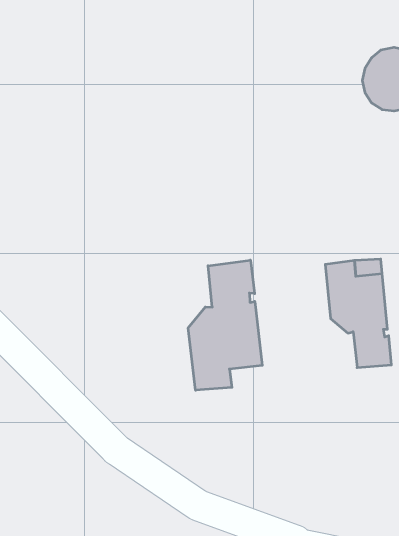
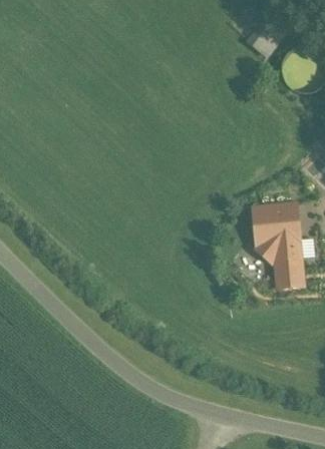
building: [188,260,262,390] -> none

